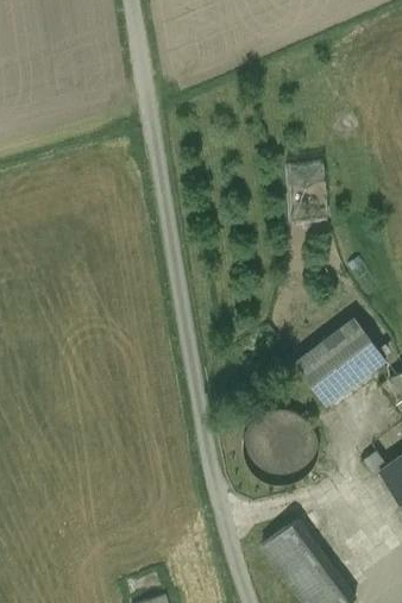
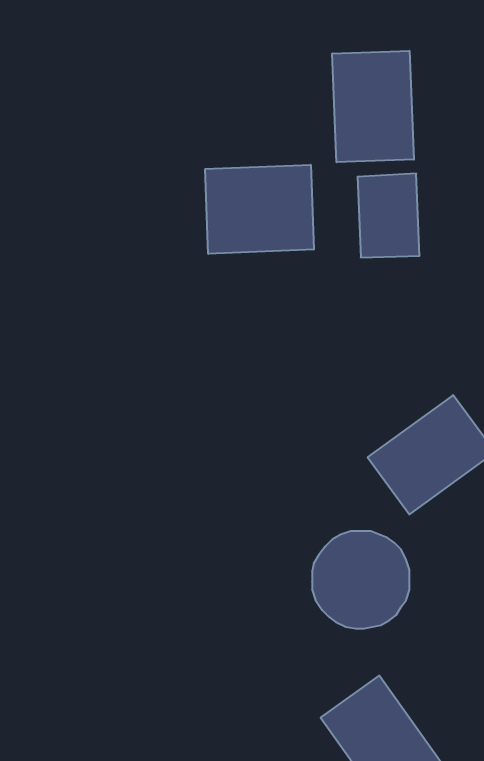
building: none -> [332,51,414,162]
building: none -> [205,165,314,254]

